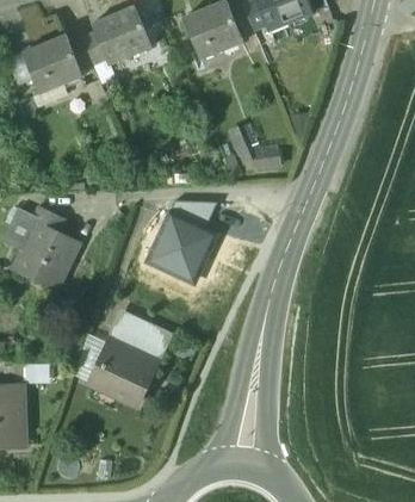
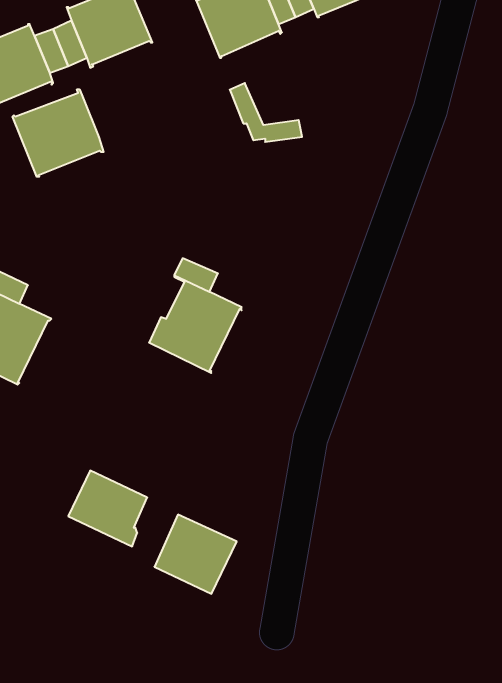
building: none -> [13,89,104,177]
building: [228,126,279,168] -> [230,83,302,142]
building: [106,314,165,370] -> [154,515,237,594]

